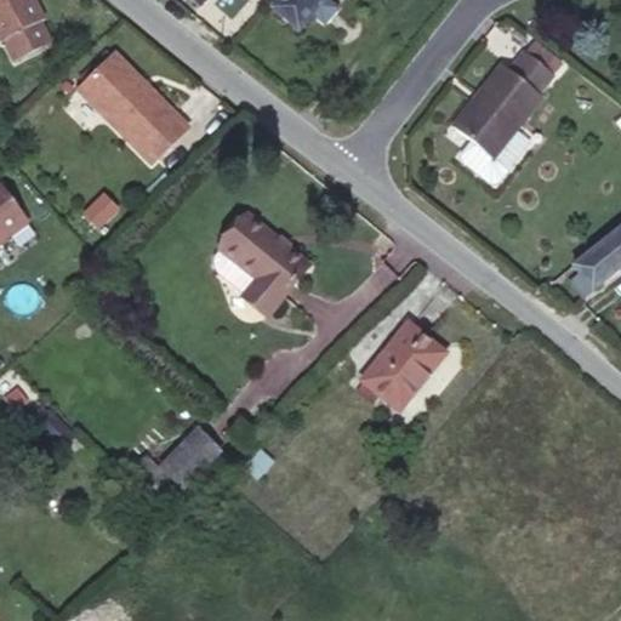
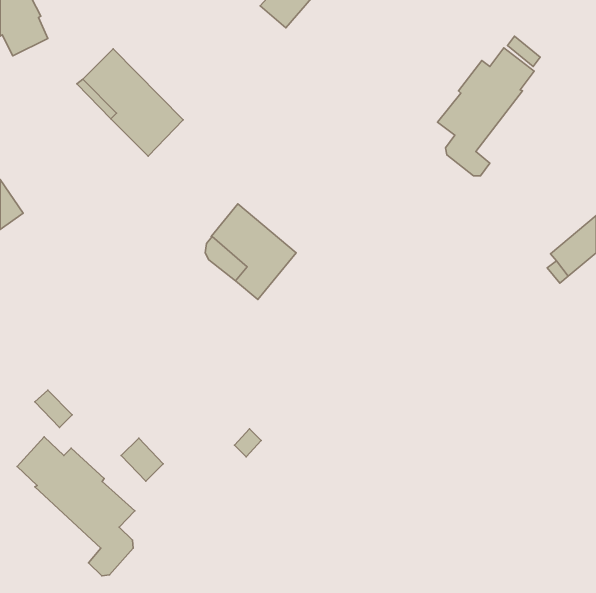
building: [361,323,444,409] -> none
building: [160,428,220,488] -> none
building: none -> [17,437,135,576]

